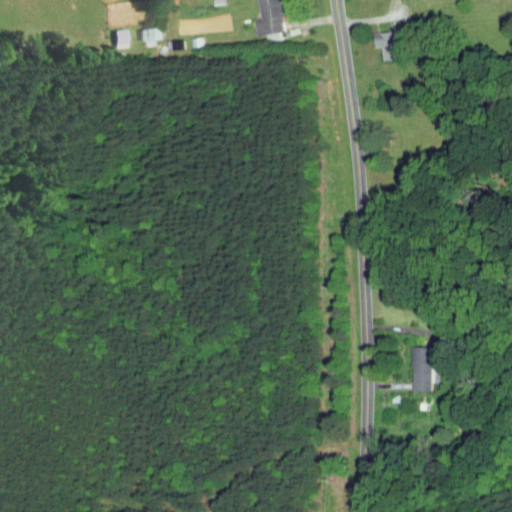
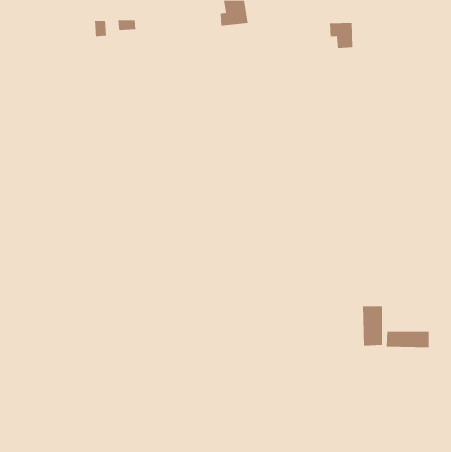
building: none -> [386,331,429,348]

